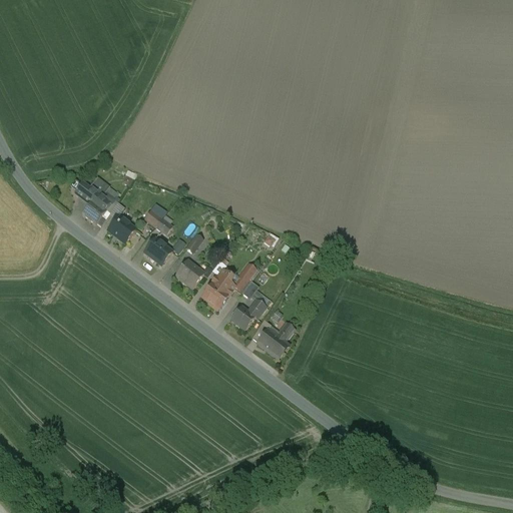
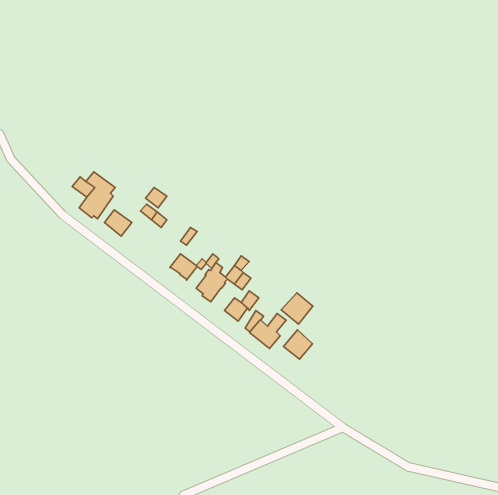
building: [143,236,171,265] -> none
building: none -> [281,293,313,324]
building: none -> [284,330,312,359]

